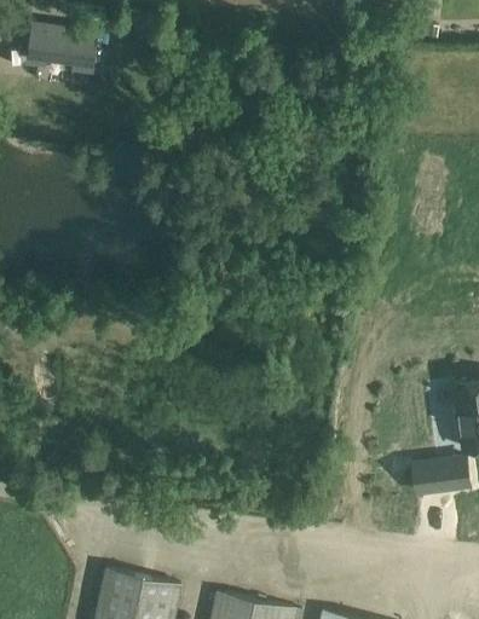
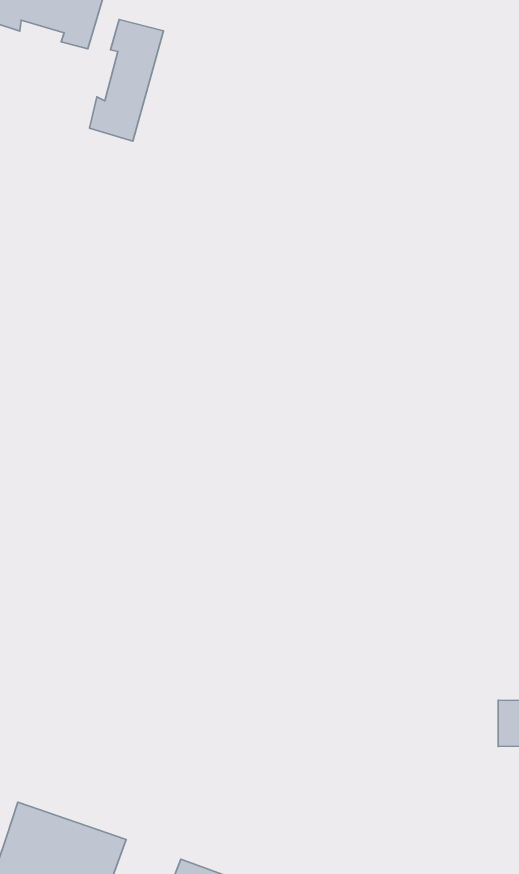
building: none -> [90,19,163,141]

